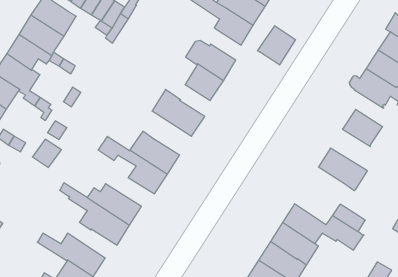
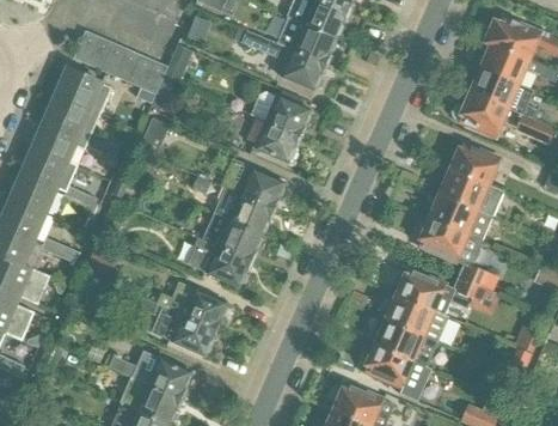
building: [257,26,295,65] -> none
building: none -> [196,177,272,233]
building: none -> [442,170,502,215]
building: none -> [421,220,480,263]

